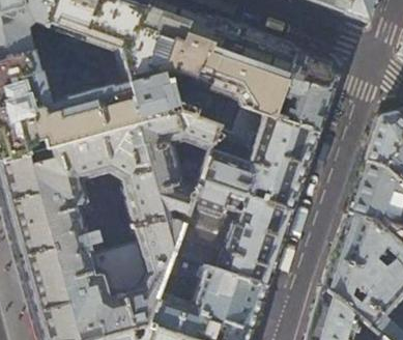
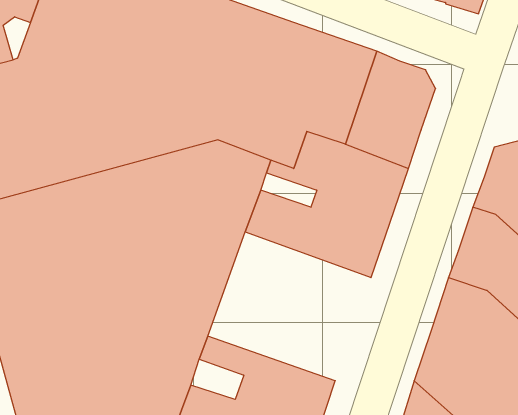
building: [174,179,292,287] -> none

